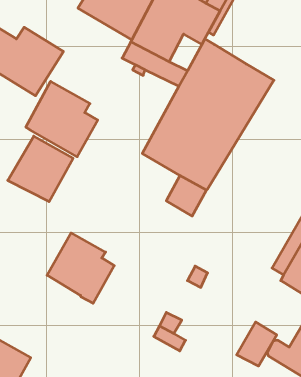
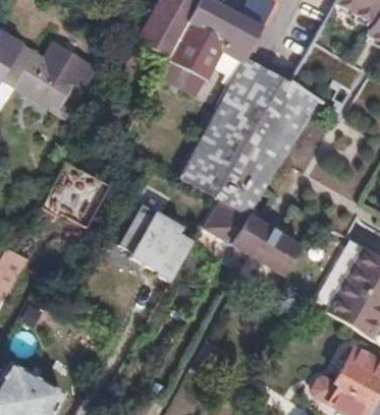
building: [26,81,98,157] -> none
building: none -> [232,214,301,274]
building: [47,233,114,303] -> [125,204,197,279]
building: [237,322,277,366] -> none

